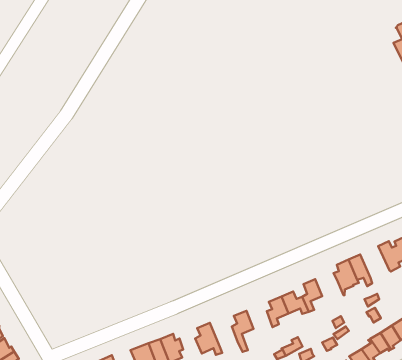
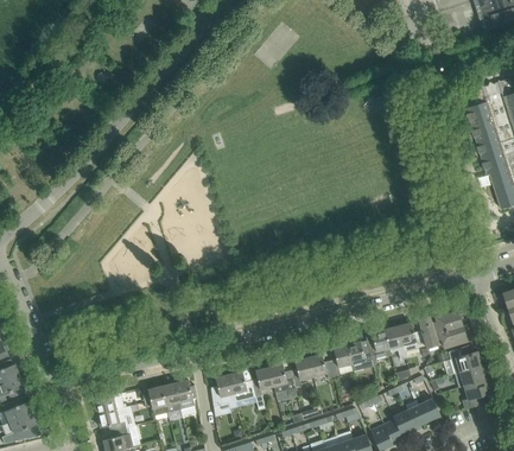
building: none -> [396,323,425,351]
building: none -> [345,341,373,371]
building: none -> [268,363,296,395]
building: none -> [228,370,254,402]

